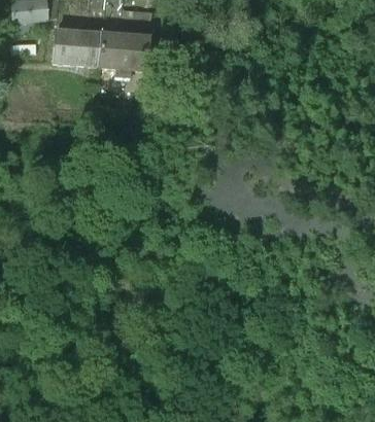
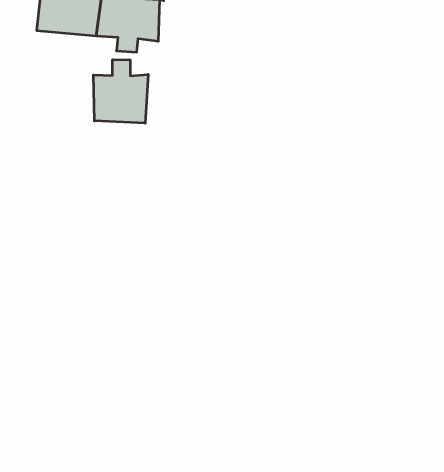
building: none -> [93,60,148,123]

